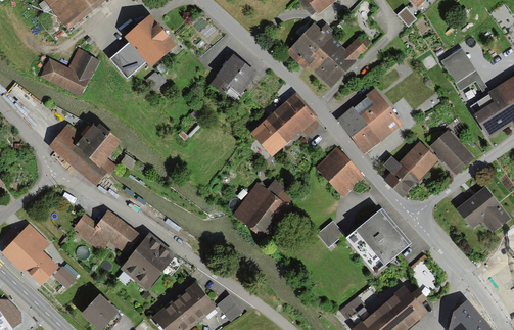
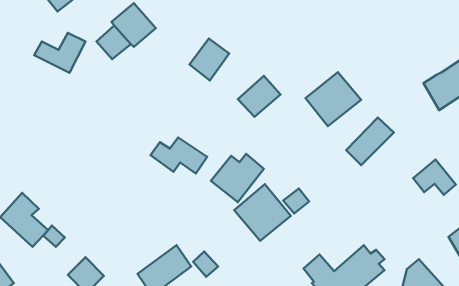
building: [289,25,366,87] -> none
building: [439,47,489,96] -> none
building: [251,123,283,154] -> none
building: [51,125,116,184] -> none
building: [432,132,471,173] -> none
building: [317,150,362,195] -> none
building: [347,208,410,271] -> [234,184,291,241]
building: [76,211,138,251] -> [150,137,207,174]
building: [122,235,174,288] -> none

